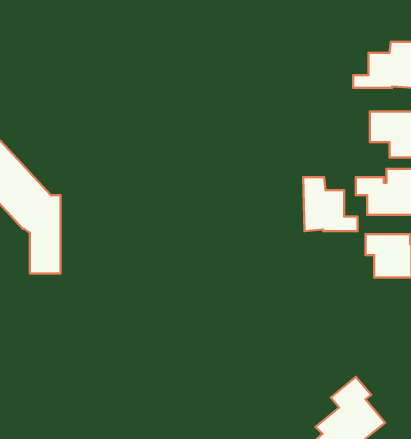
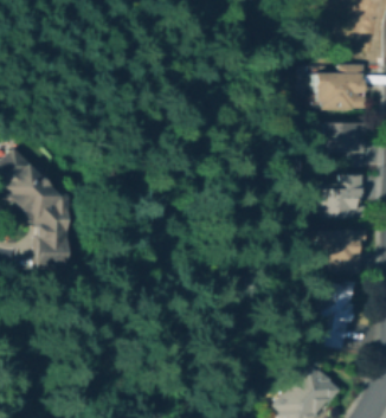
building: [303,177,358,231] -> none
building: none -> [316,284,352,345]

